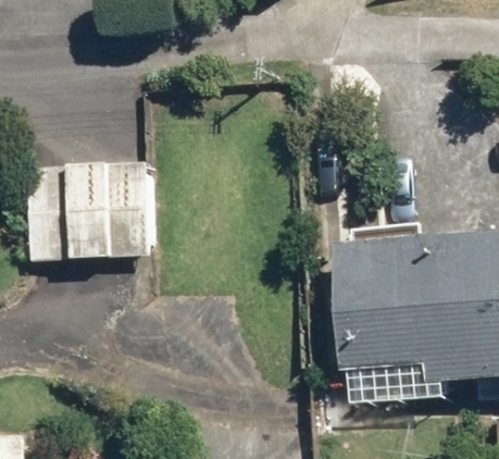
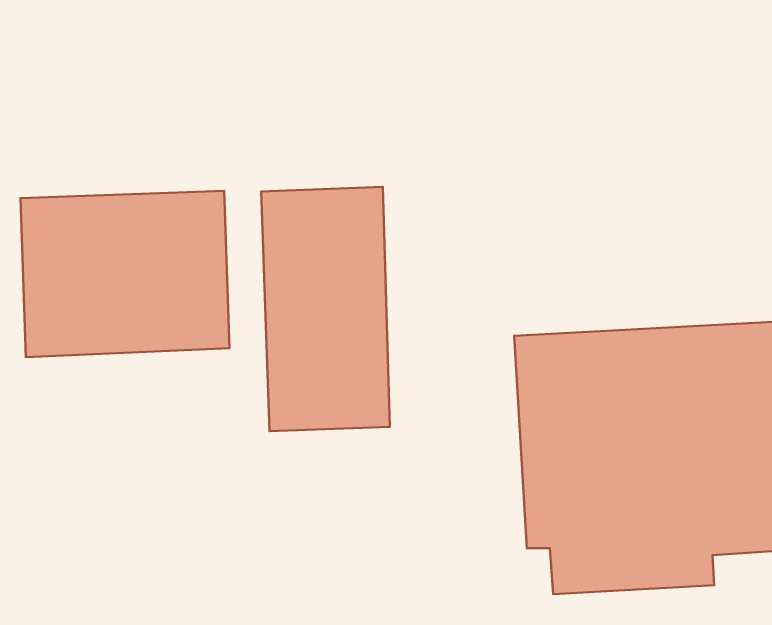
building: none -> [261,187,390,431]

